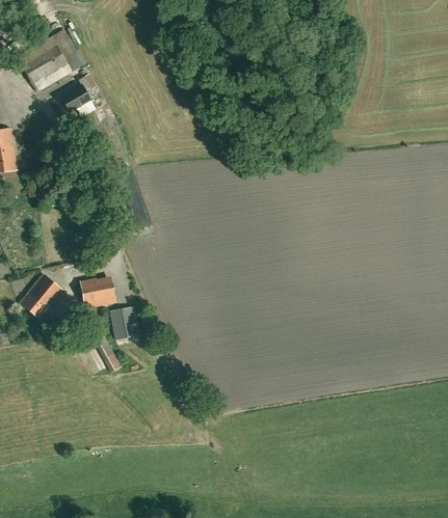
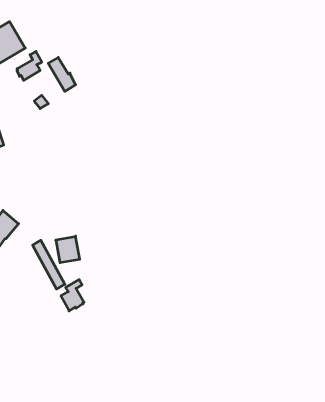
building: [51,28,85,71] -> [48,57,76,91]
building: [81,280,115,307] -> none
building: none -> [61,280,84,311]

